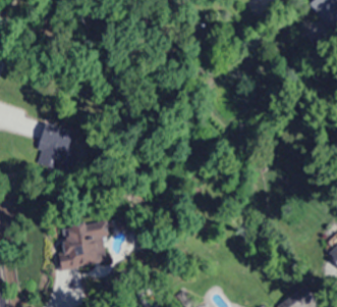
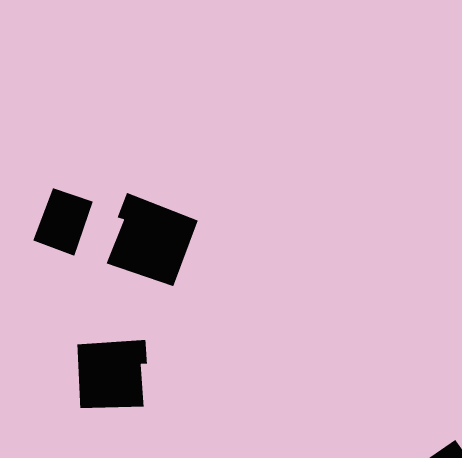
building: none -> [106,192,199,287]

